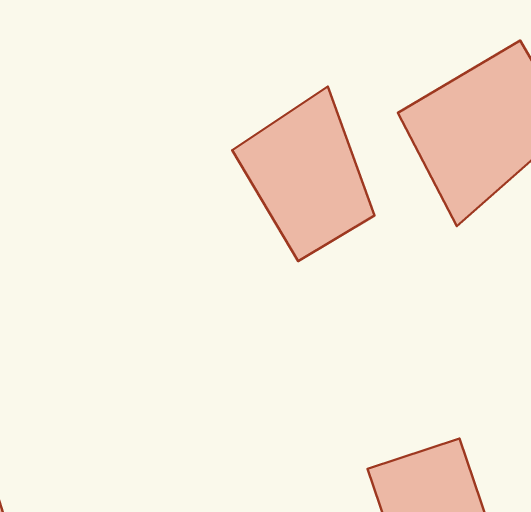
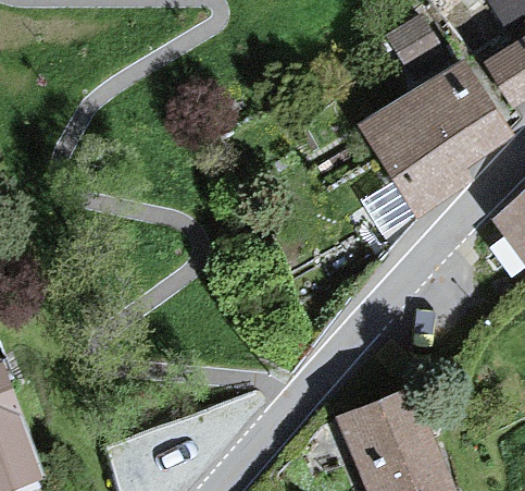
building: [232,86,374,261] -> none

